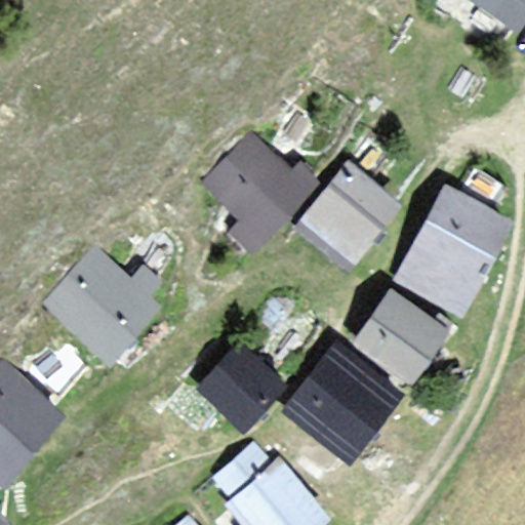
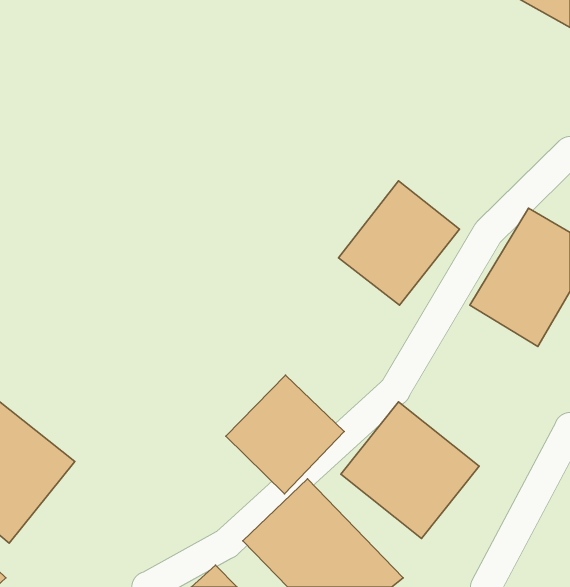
building: [184,123,319,255] -> none
building: [26,240,167,373] -> none
building: [366,283,474,387] -> none

